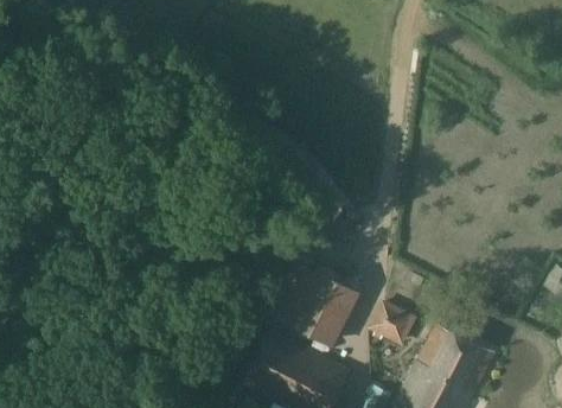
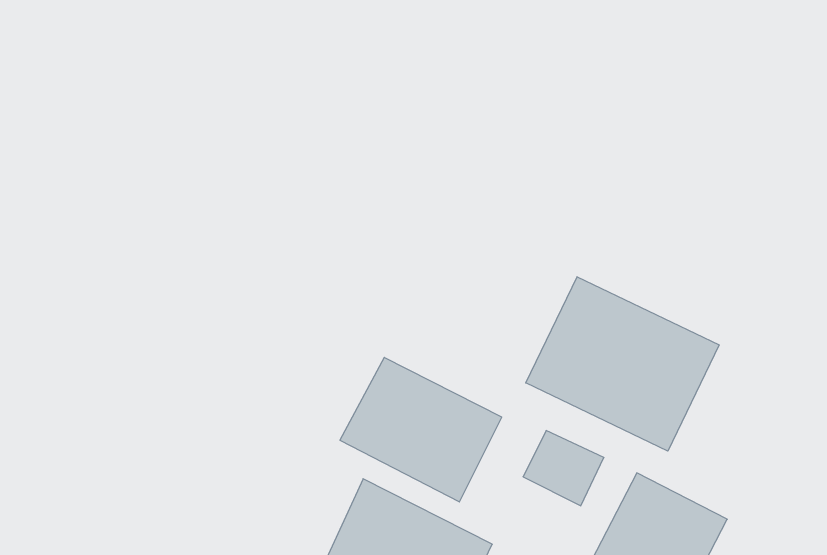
building: none -> [526,277,719,451]

